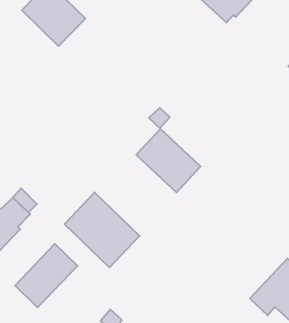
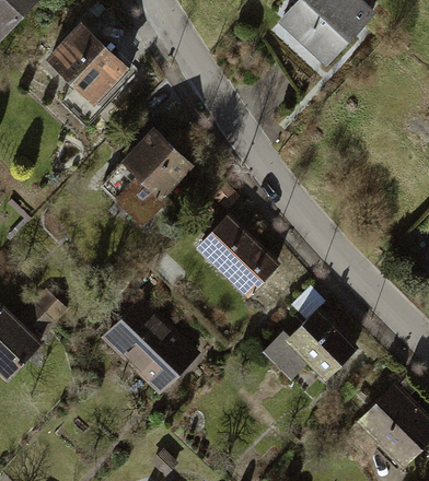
building: none -> [96,125,197,225]
building: none -> [263,304,361,382]
building: [15,244,78,307] -> none

